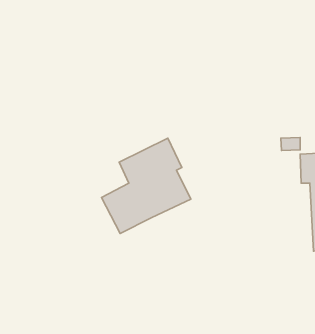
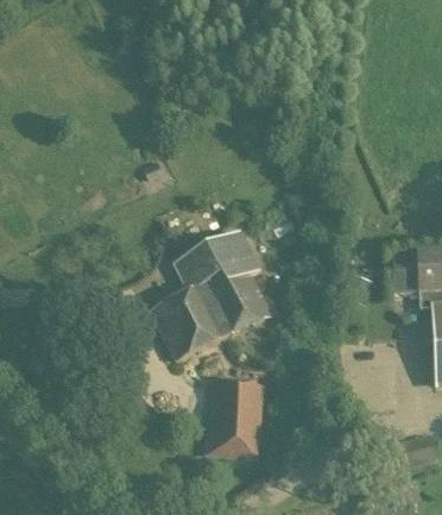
building: none -> [206,376,264,457]

